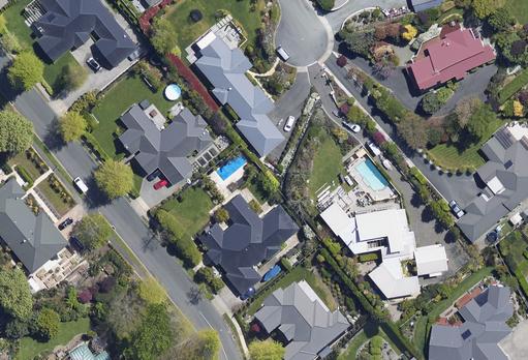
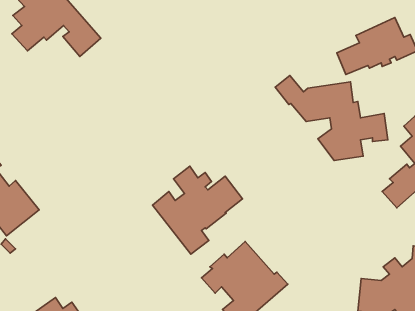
building: [194,34,284,155] -> none
building: [116,102,212,183] -> none
building: [317,199,445,296] -> [275,75,388,161]

